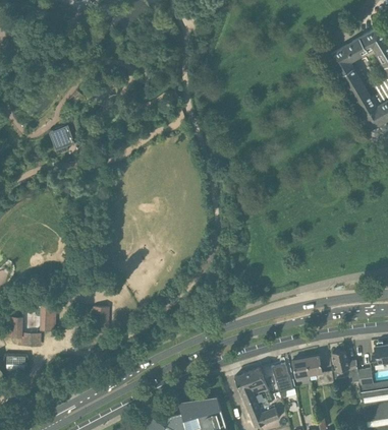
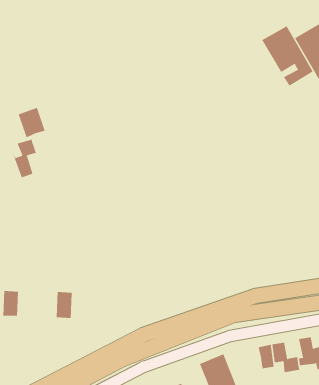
building: none -> [262,26,314,87]
building: none -> [13,139,37,178]
building: [271,363,292,393] -> none

